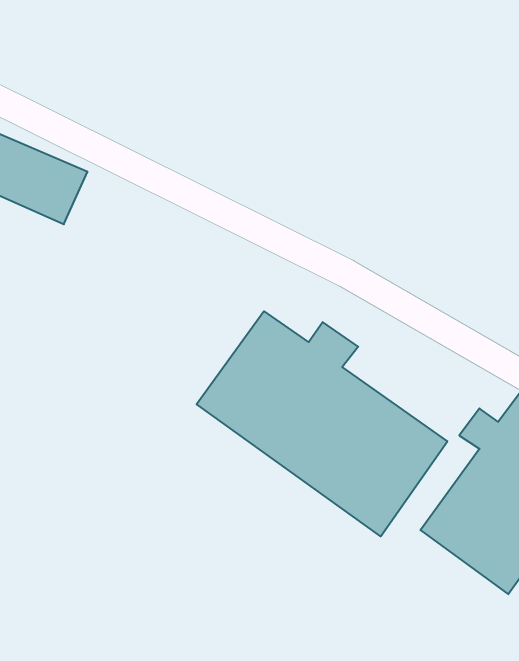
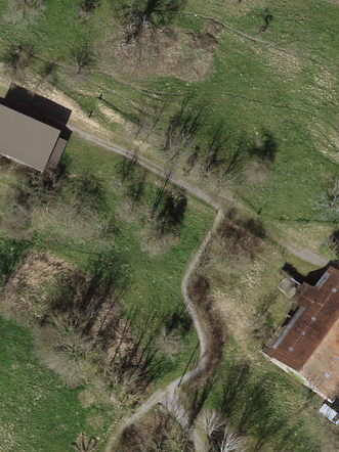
building: [197,311,447,536] -> none

